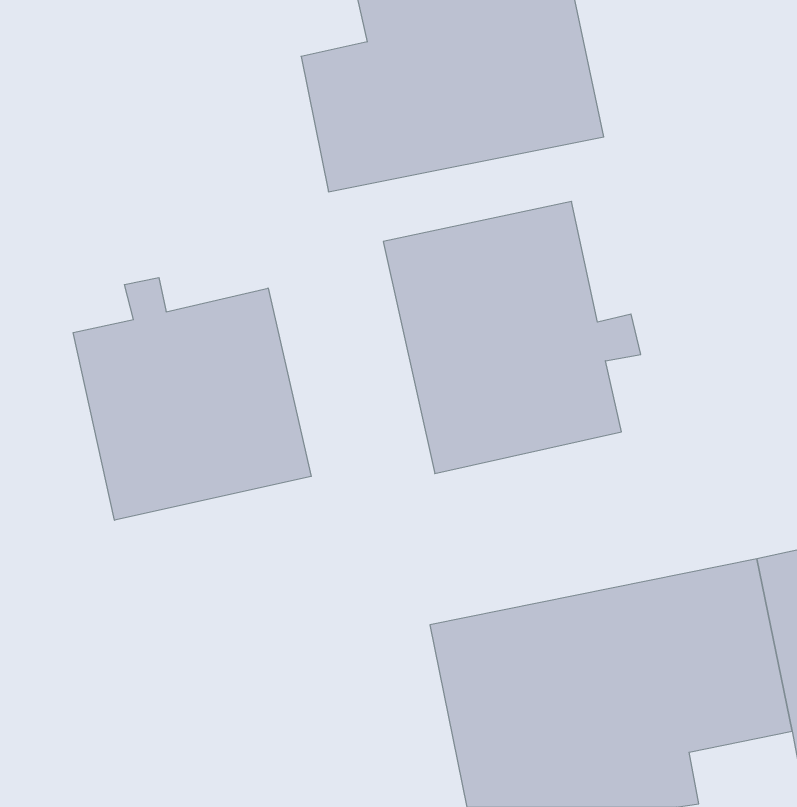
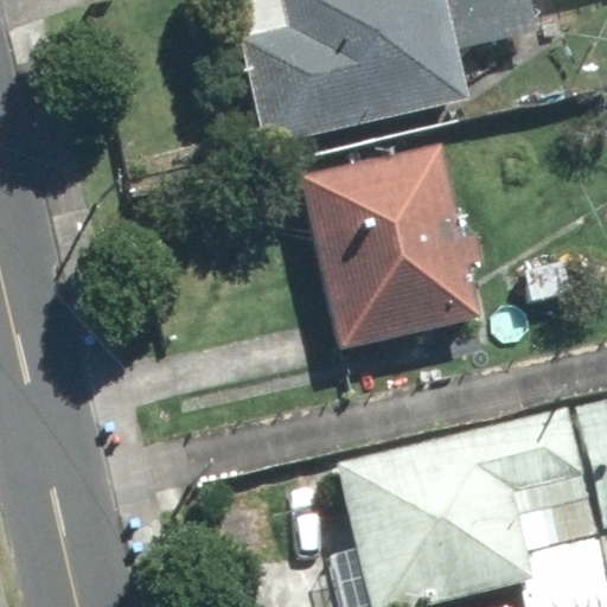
building: [73,278,311,520] -> none

